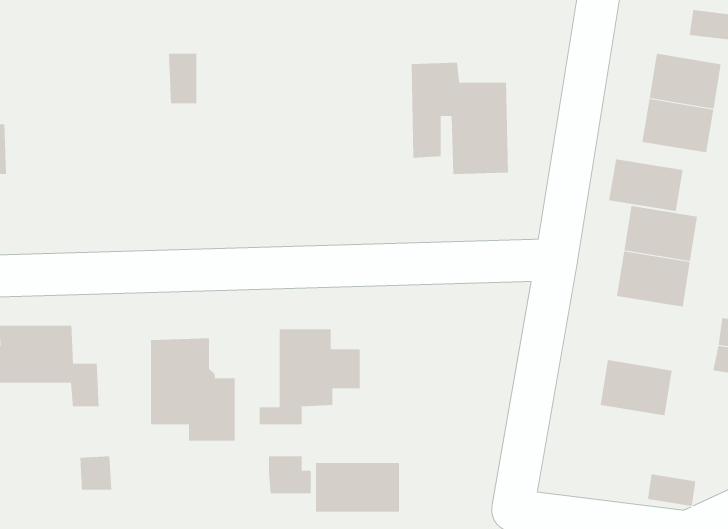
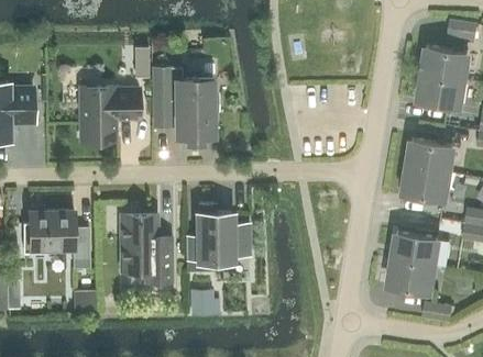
building: [411,62,509,175] -> [153,68,212,136]
building: none -> [81,88,140,136]
building: [609,158,683,212] -> none
building: none -> [389,260,433,293]
building: [316,462,400,513] -> none

